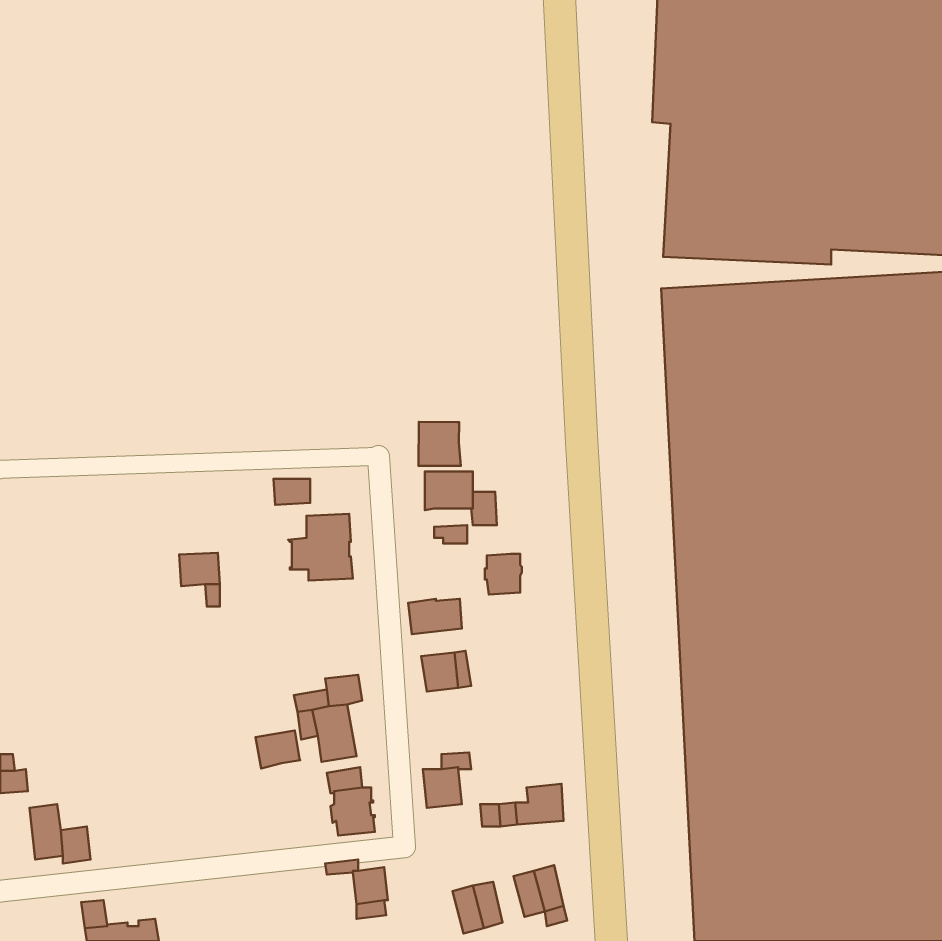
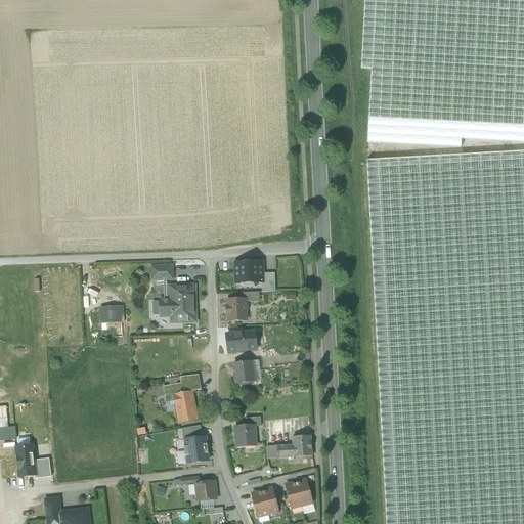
building: [418,422,461,466] -> none
building: [485,554,522,594] -> [227,298,248,320]
building: [256,730,300,768] -> none

